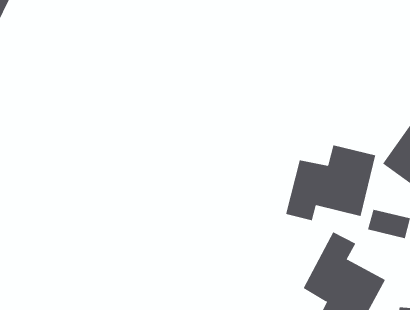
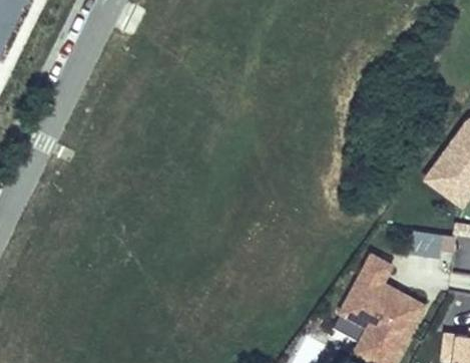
building: [285,144,376,221] -> none

